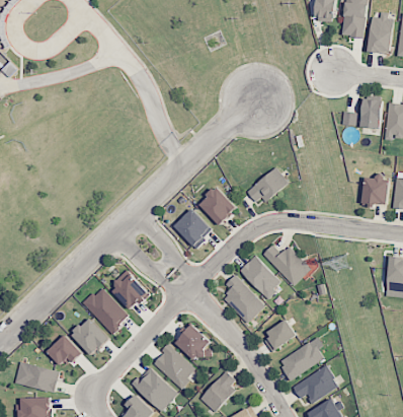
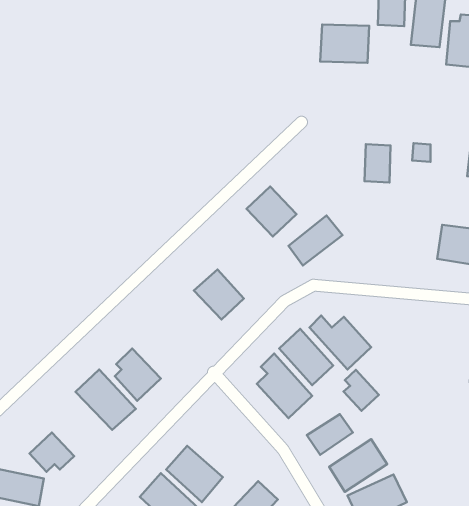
building: none -> [320,24,369,63]
building: [360,98,381,128] -> [364,144,391,182]
building: [197,187,236,225] -> [247,187,297,237]
building: none -> [344,370,379,411]
building: [71,318,109,356] -> none
building: [176,325,211,363] -> none

